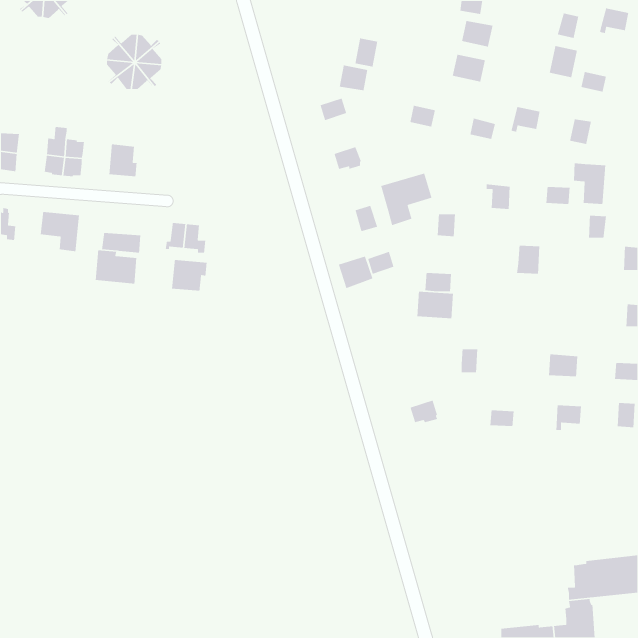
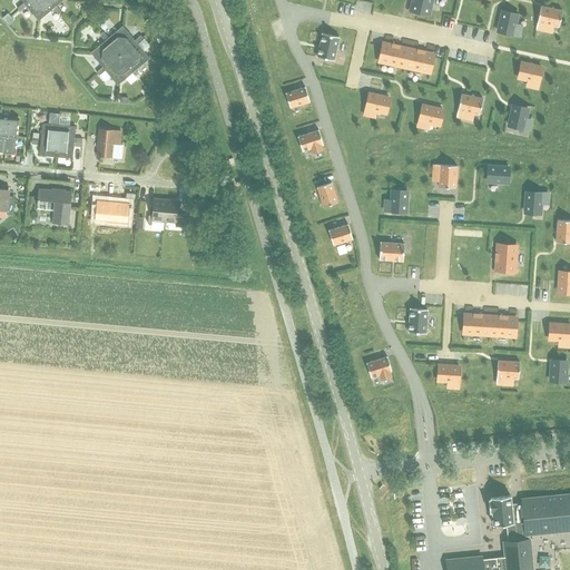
building: [461,20,493,48] -> [379,43,407,68]
building: [549,45,578,78] -> none
building: [339,65,368,91] -> none
building: [573,162,606,205] -> none
building: [380,173,432,226] -> none
building: [516,245,540,275] -> [494,244,515,271]
building: [95,249,137,284] -> none
building: [338,255,373,289] -> none
building: [171,259,208,291] -> none
building: [416,291,454,319] -> none
building: none -> [462,314,490,335]
building: none -> [488,495,512,525]

